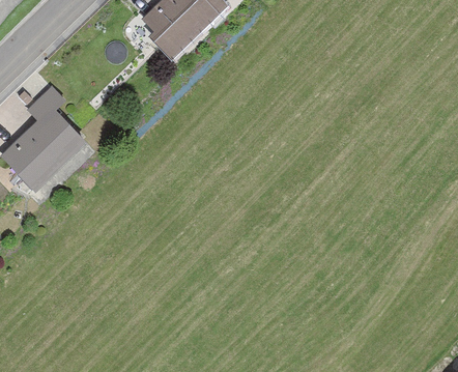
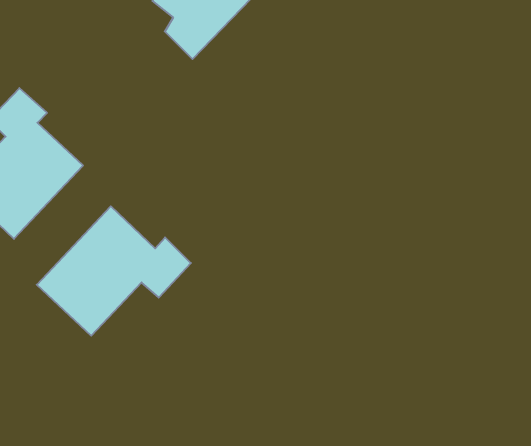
building: none -> [37,206,191,336]

